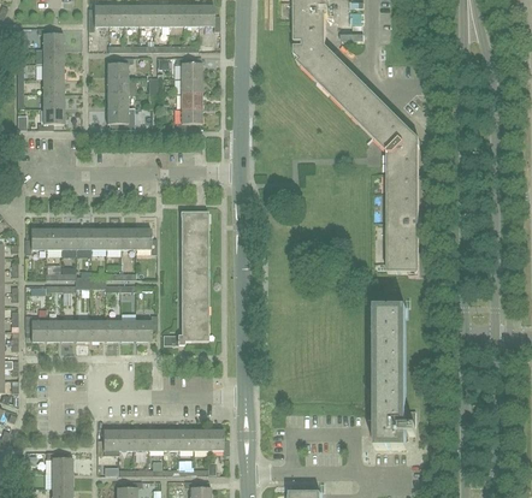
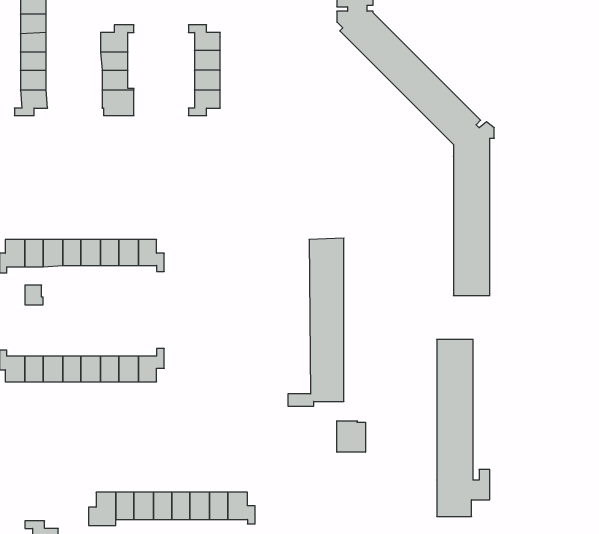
building: [164,211,208,344] -> [288,238,344,406]
building: none -> [337,421,365,452]

